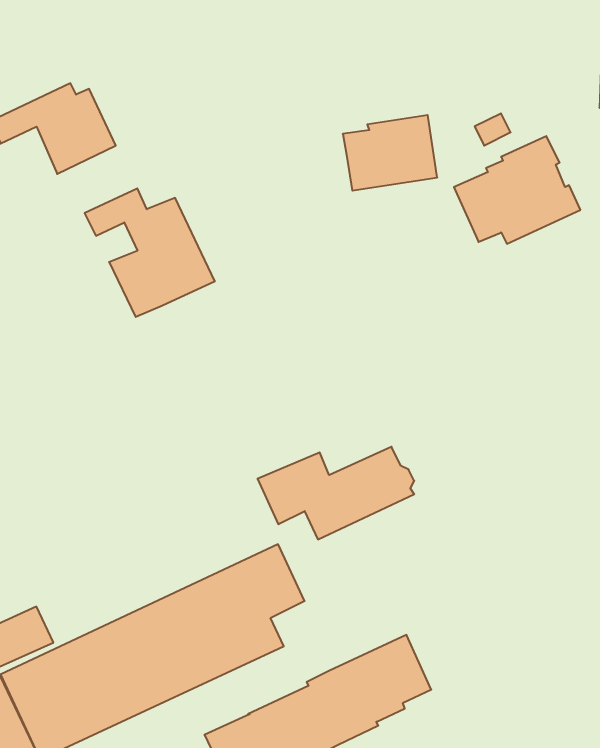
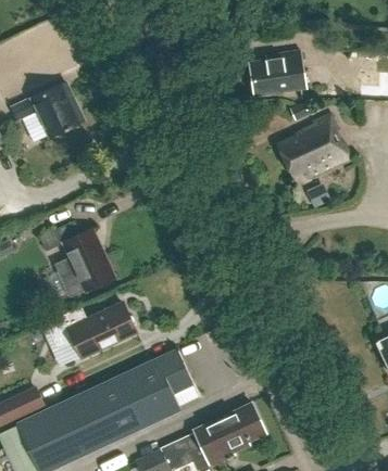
building: [343,115,437,191] -> [250,52,304,96]
building: [85,188,215,317] -> [40,224,115,297]
building: [257,447,414,539] -> [46,304,136,357]

